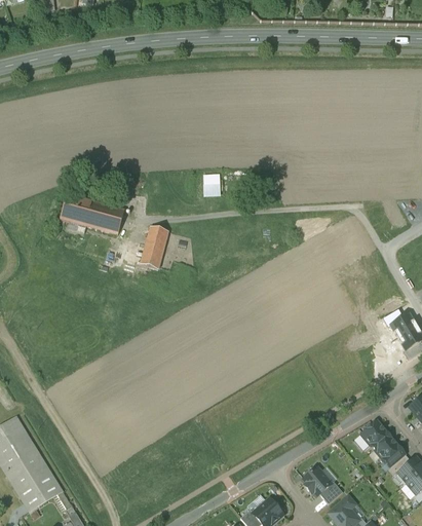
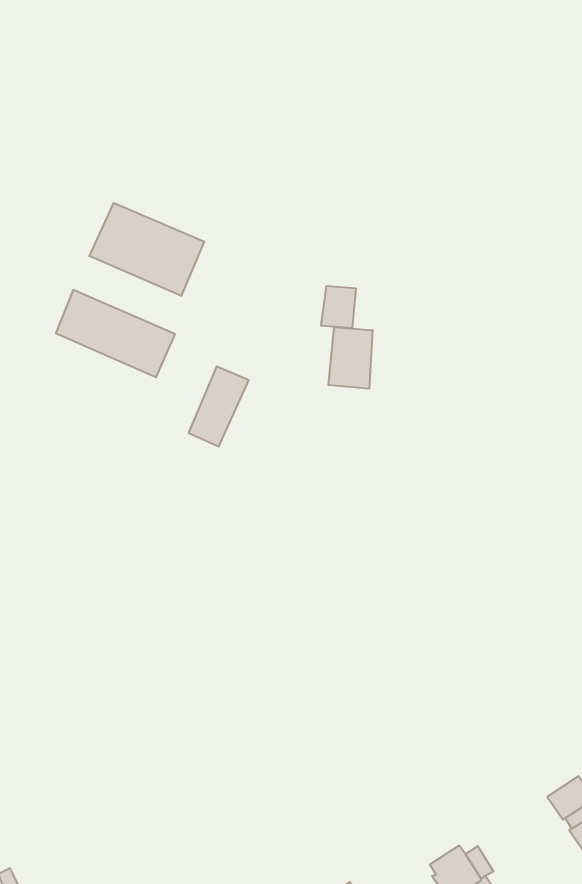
building: none -> [89,203,204,296]
building: none -> [329,327,373,389]

